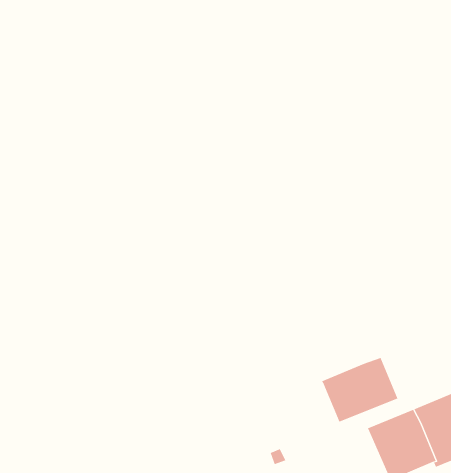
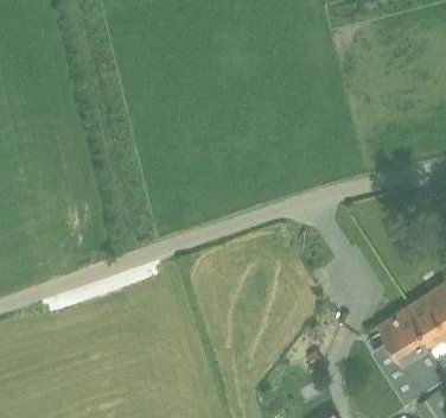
building: [321,357,398,423] -> none

